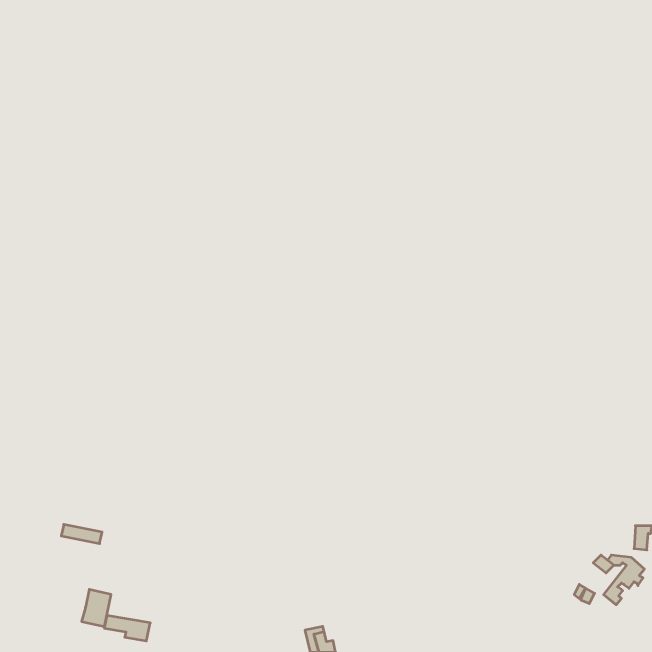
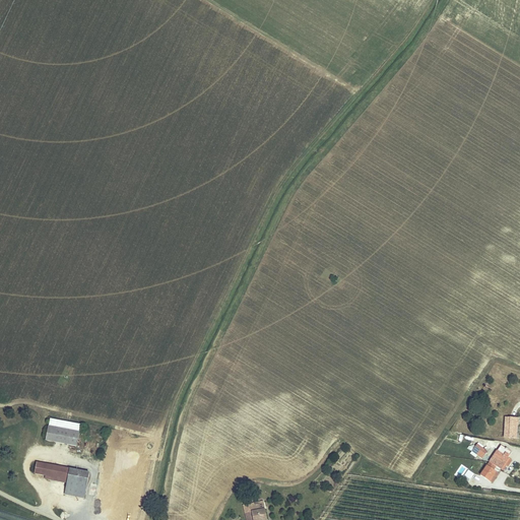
building: none -> [47,427,79,446]
building: [104,615,150,641] -> [35,463,71,483]

